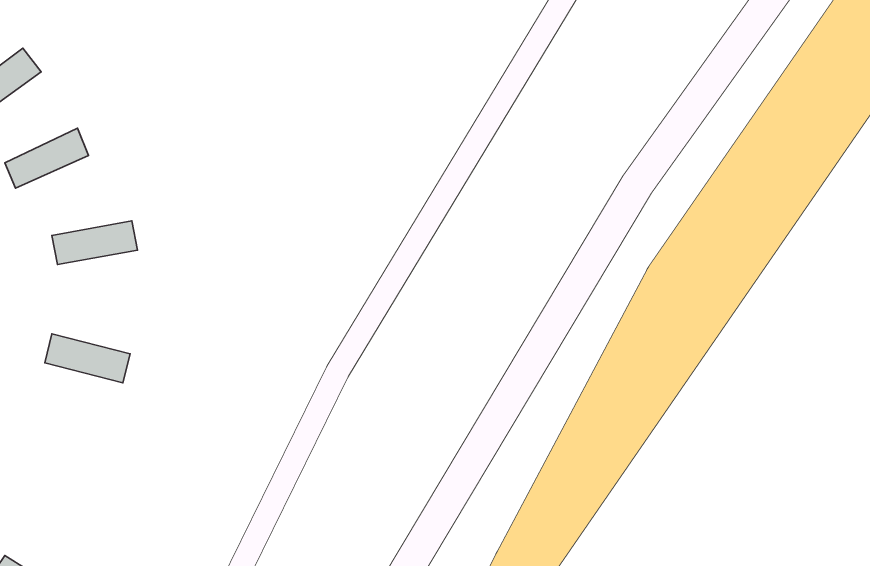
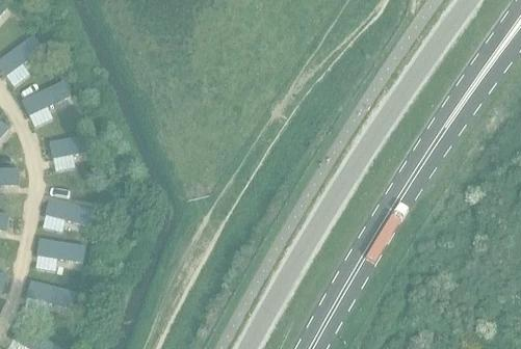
building: none -> [35,238,83,262]
building: none -> [25,280,74,307]

